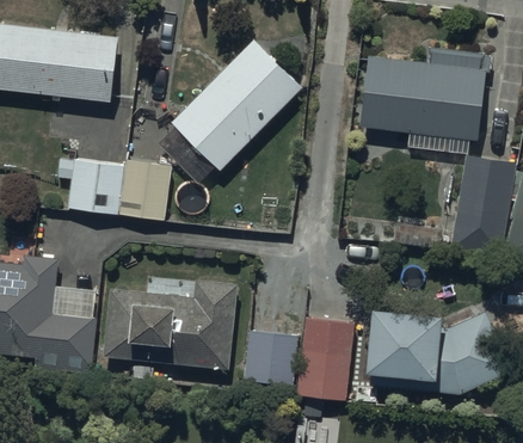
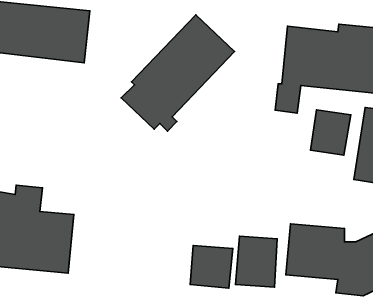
building: [57,159,168,221] -> none
building: none -> [310,110,351,155]
building: [103,279,235,370] -> none

